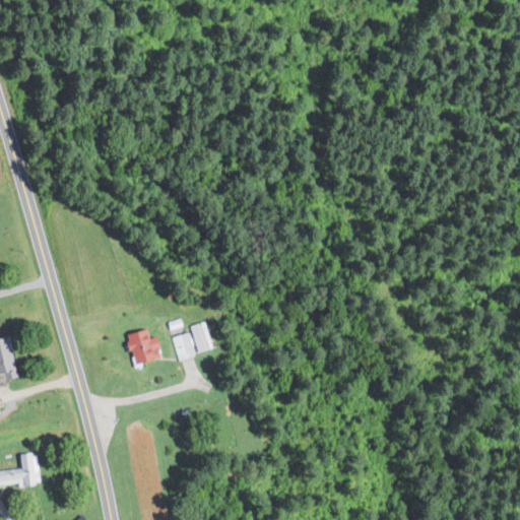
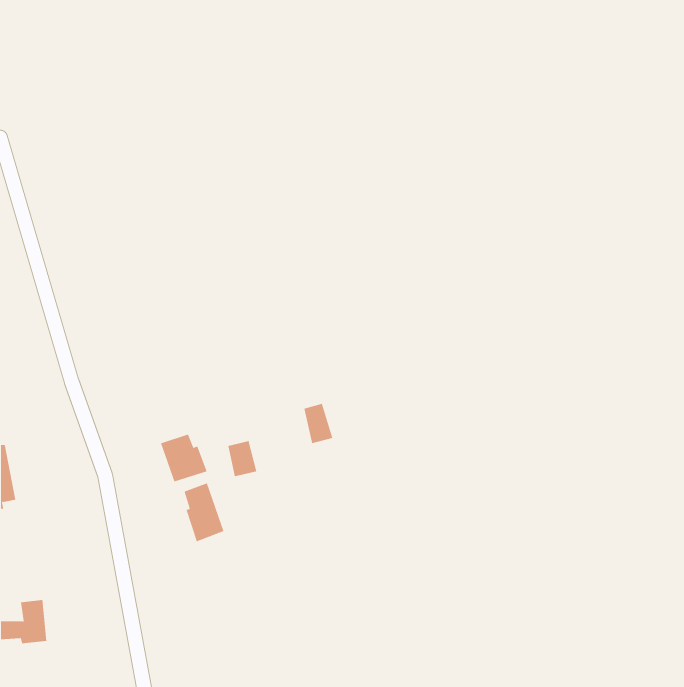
building: [193,322,215,352] -> [304,403,333,444]
building: none -> [184,482,224,542]

